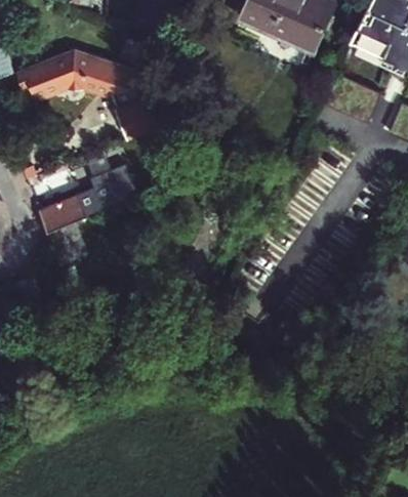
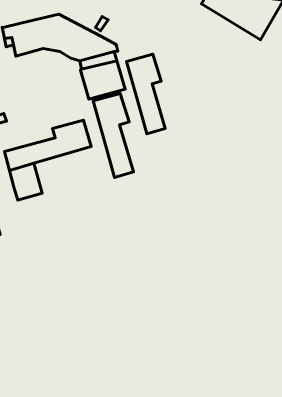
building: none -> [127,54,165,134]
building: none -> [93,93,133,178]

